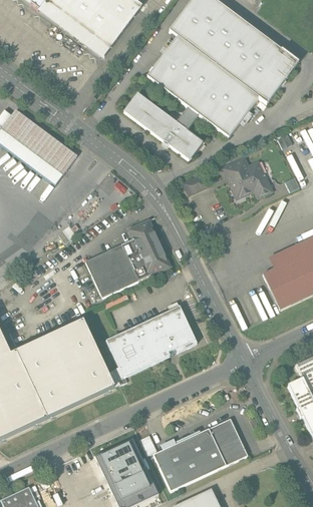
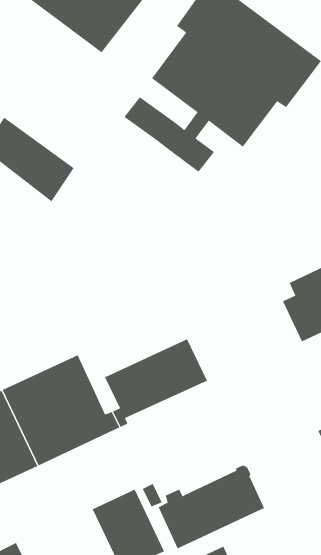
building: [222,157,271,196] -> none
building: [84,219,169,297] -> none

